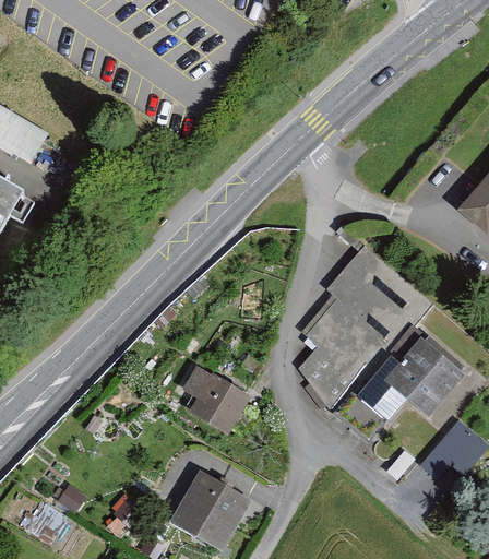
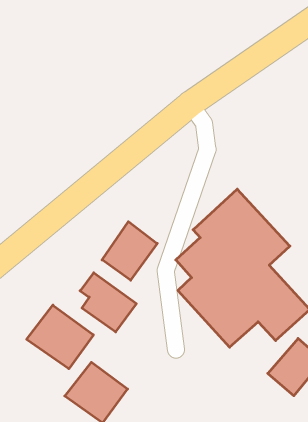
building: none -> [102,222,157,280]
building: none -> [27,305,93,369]

